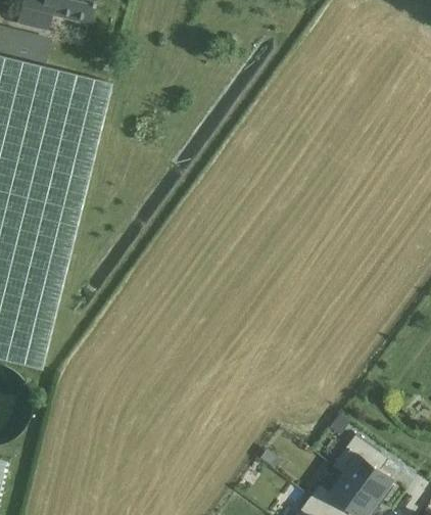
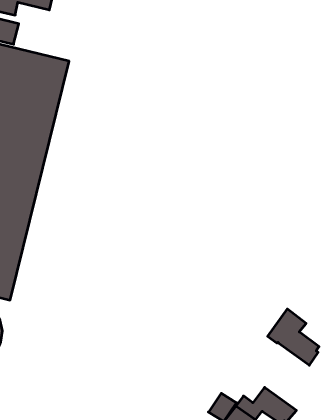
building: [333,433,394,501] -> [268,309,319,365]

